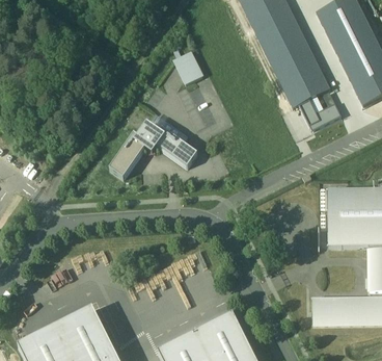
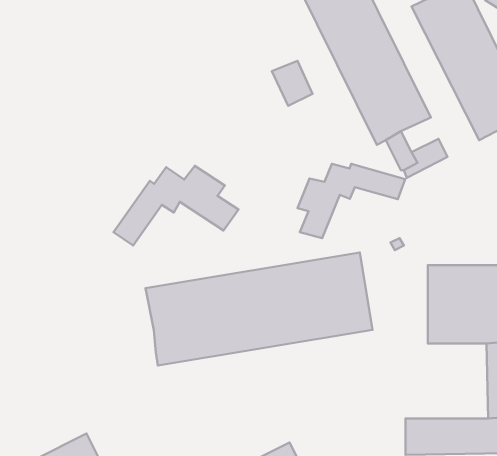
building: [174,52,202,83] -> [272,61,312,106]
building: none -> [297,164,405,238]
building: none -> [145,253,372,366]

